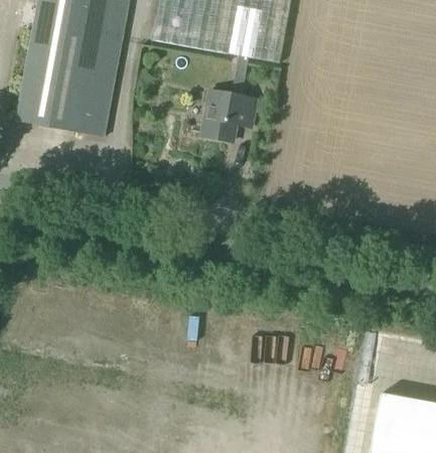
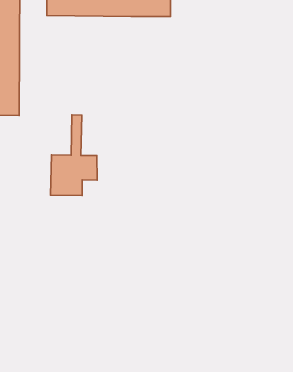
building: [201,54,256,139] -> [51,115,97,196]

